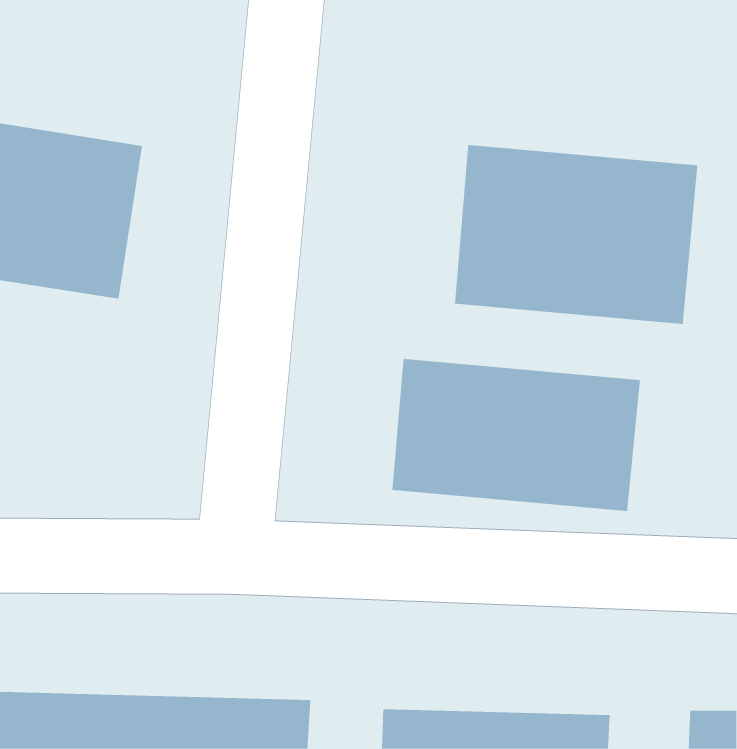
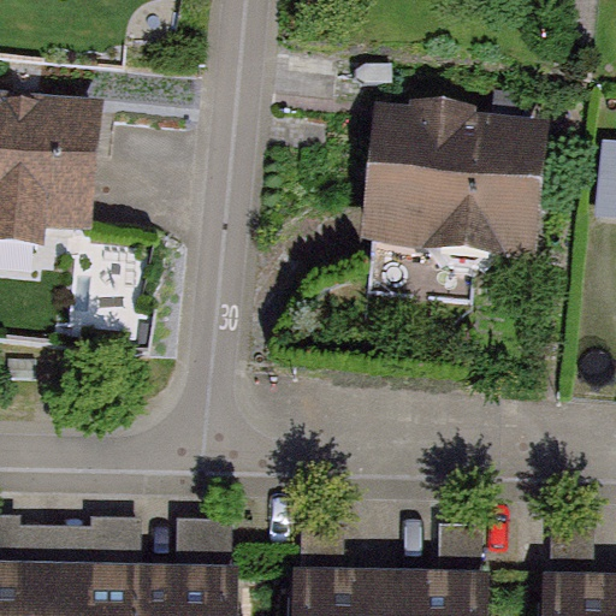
building: [392,358,641,512] -> none

